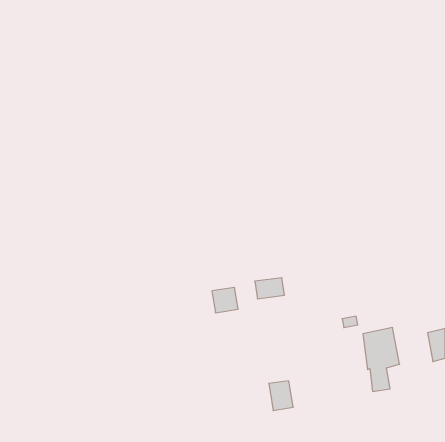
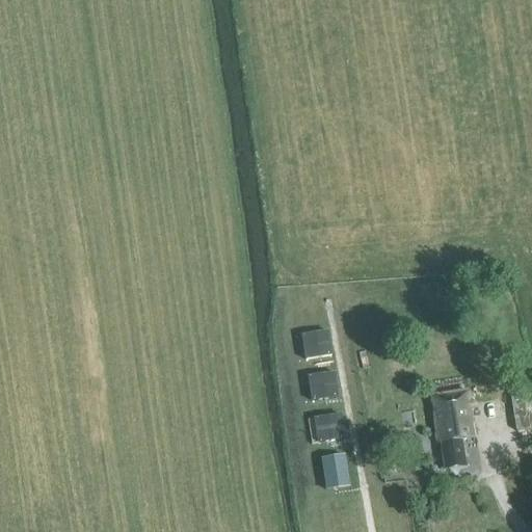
building: [212,287,238,313] -> [308,369,339,399]
building: none -> [314,410,345,442]

